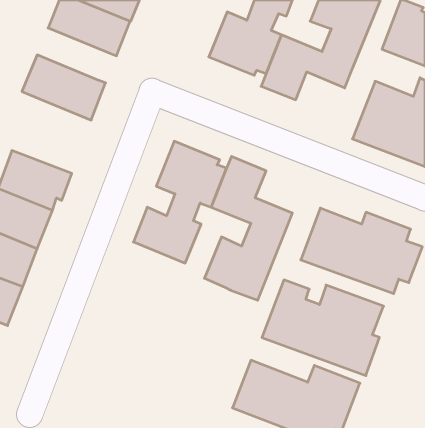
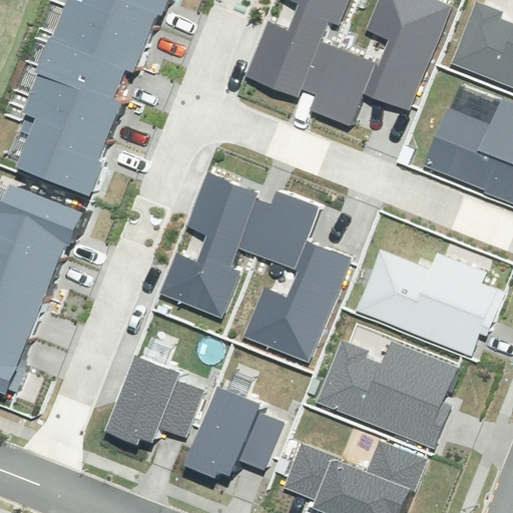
building: none -> [44,38,130,100]
building: none -> [22,119,108,190]
building: none -> [107,355,199,448]
building: none -> [187,385,284,480]

